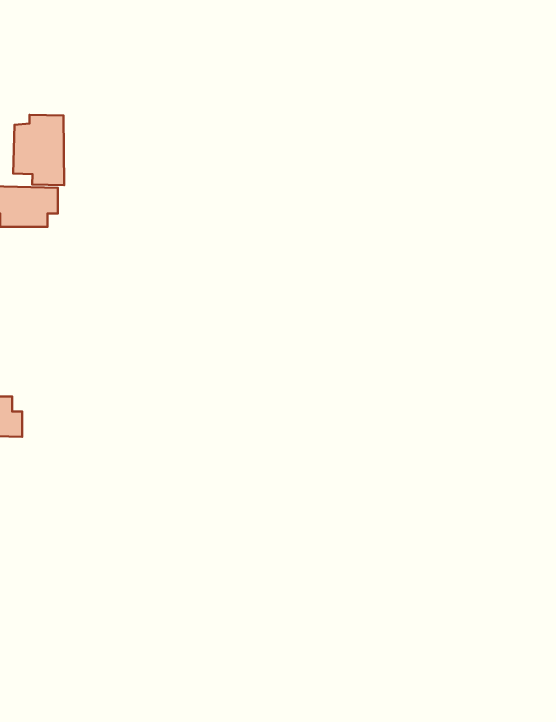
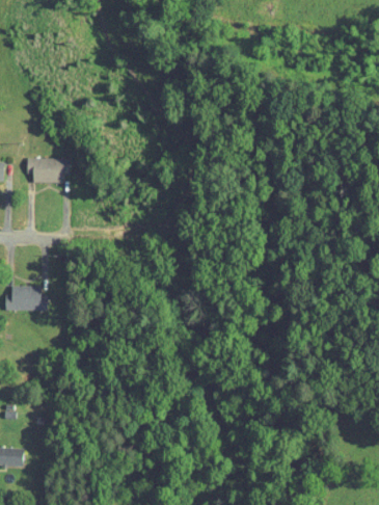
building: [13,115,64,185] -> none

